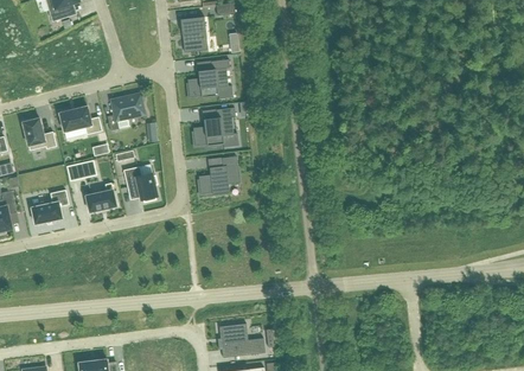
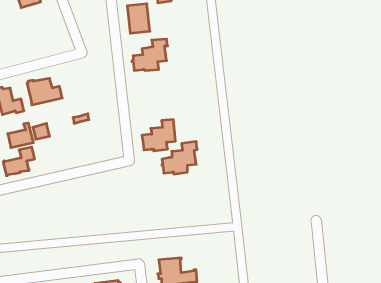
building: [107,94,143,130] -> none
building: [192,107,235,146] -> [162,142,197,174]
building: [123,164,158,202] -> none
building: [85,183,116,212] -> [8,123,33,148]

